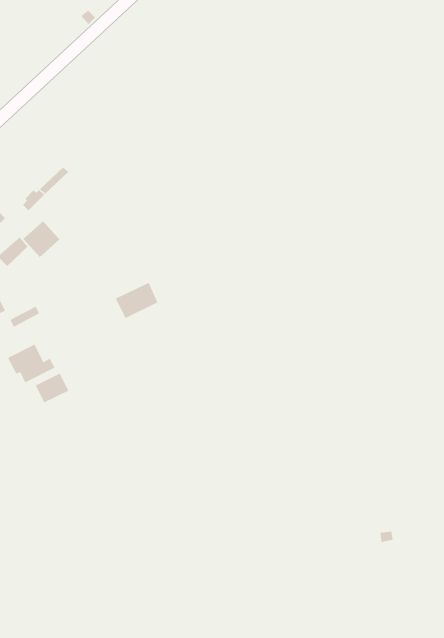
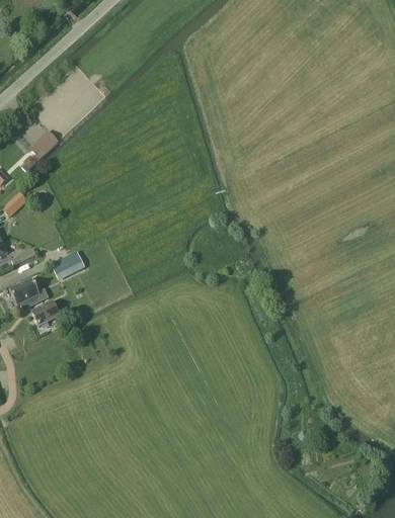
building: [23,220,60,258] -> none
building: [115,282,158,319] -> [51,250,85,279]

